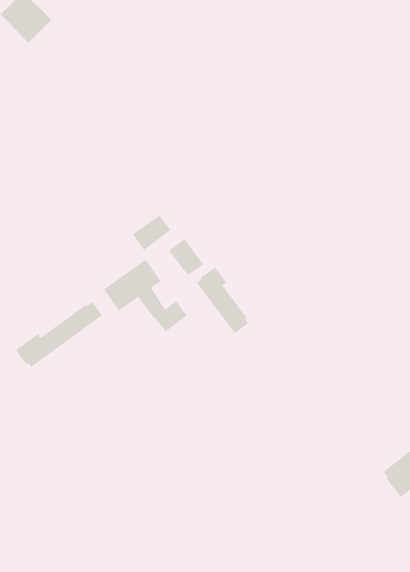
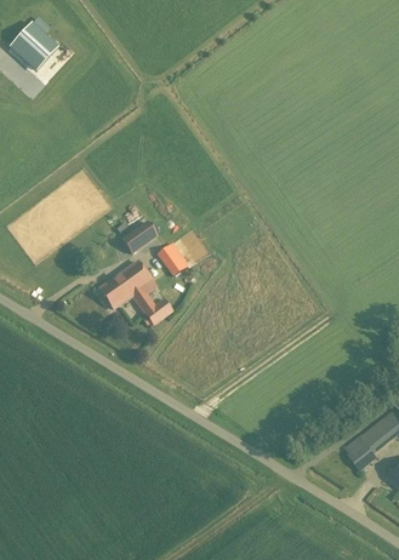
building: [196,267,249,334] -> none
building: [15,302,103,368] -> none

